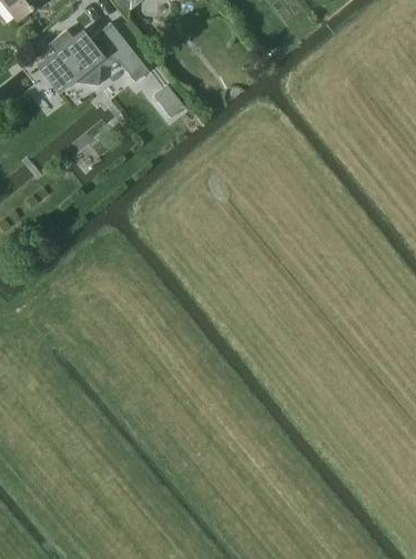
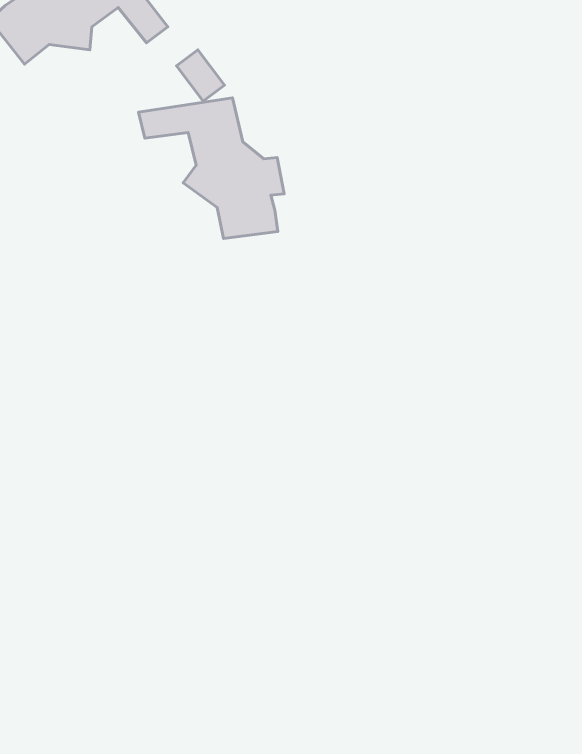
building: none -> [139,98,284,239]

